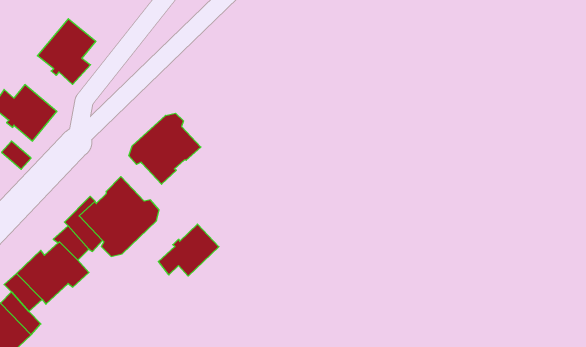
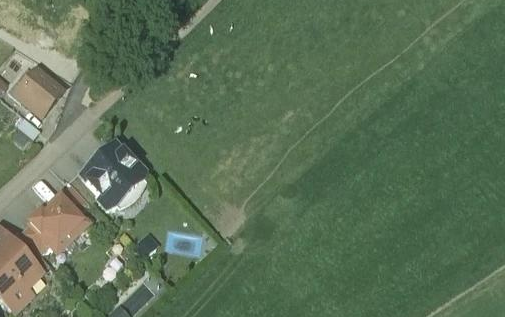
building: [37,19,96,84] -> none
building: [129,113,201,184] -> none
building: [158,224,219,276] -> none

